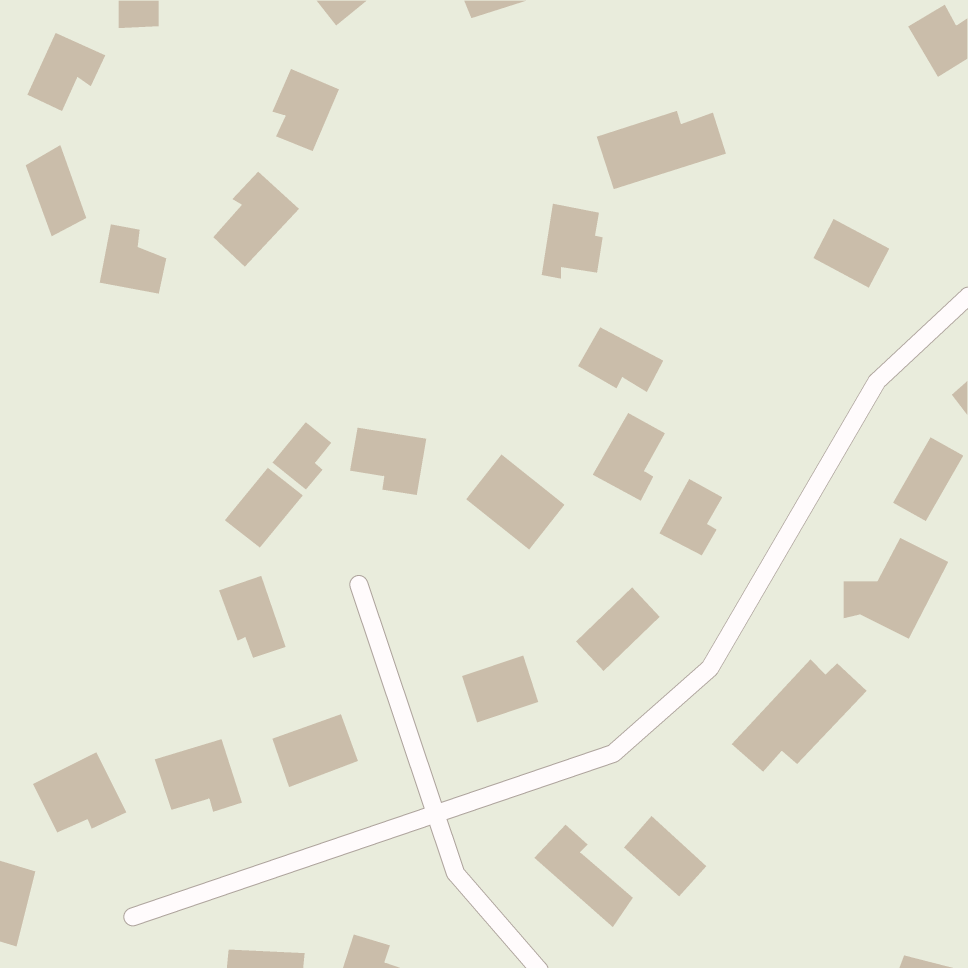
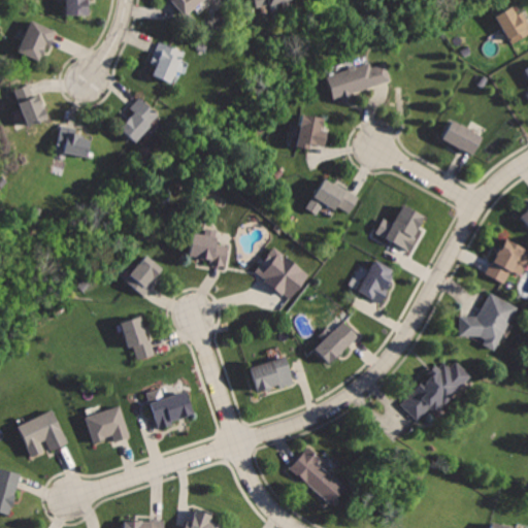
building: [592,412,666,501] -> [384,204,424,253]
building: [272,421,332,491] -> none
building: [623,815,707,897] -> none

